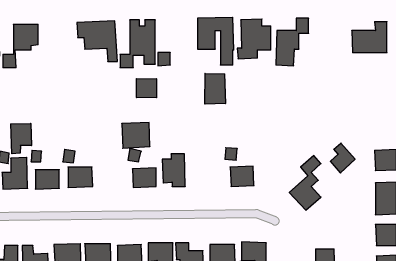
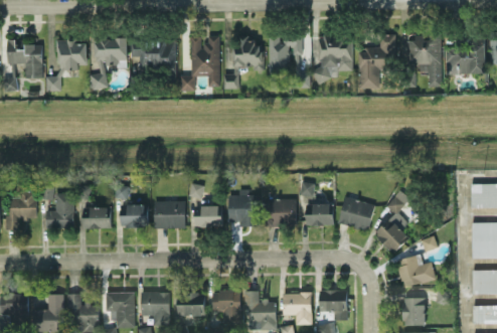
building: none -> [406,35,442,87]
building: none -> [234,37,264,68]
building: none -> [90,39,128,89]
building: [205,73,225,104] -> none
building: [137,79,156,98] -> none
building: [122,123,150,148] -> [154,200,186,229]
building: [11,123,31,154] -> none
building: [330,143,355,173] -> none
building: none -> [338,196,374,231]
building: none -> [266,198,297,226]
building: none -> [397,256,434,286]

